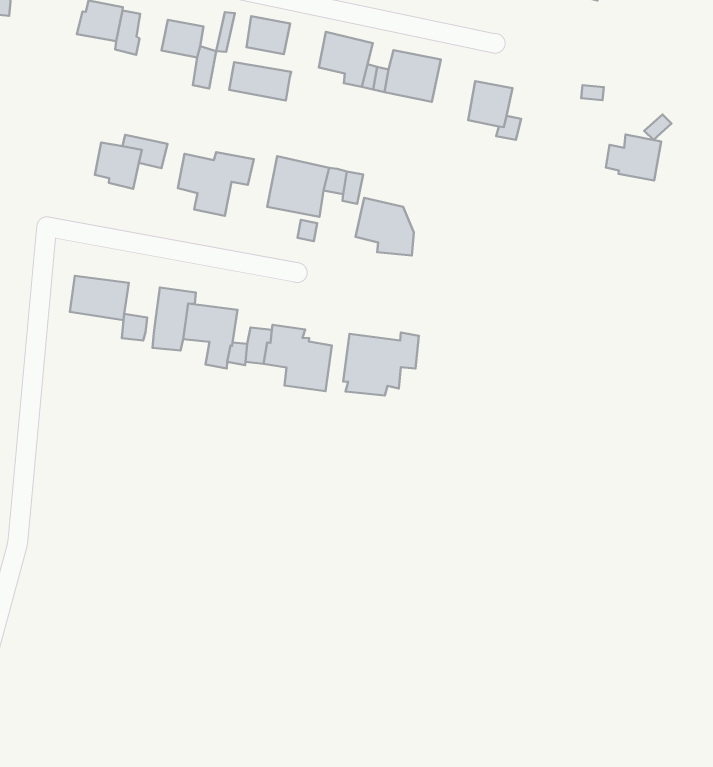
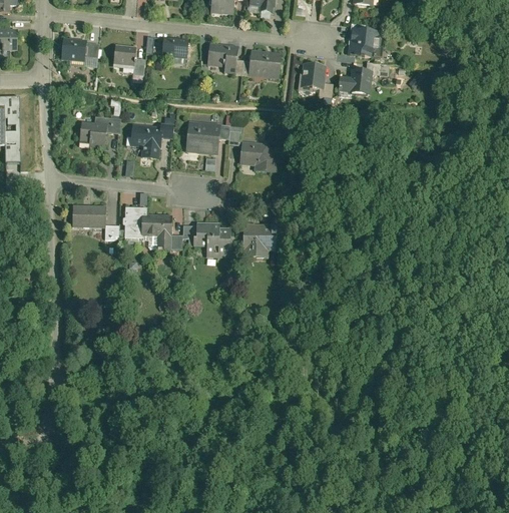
building: none -> [349,28,382,57]
building: [229,62,291,101] -> none
building: [606,135,661,181] -> [341,68,373,94]

